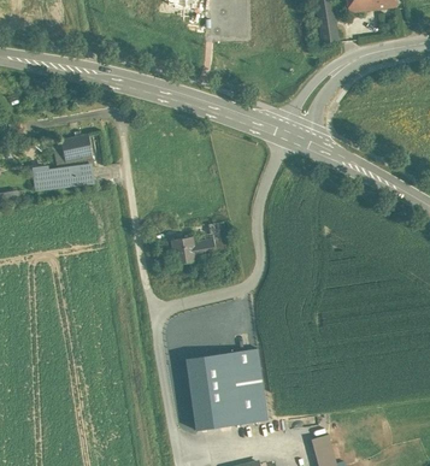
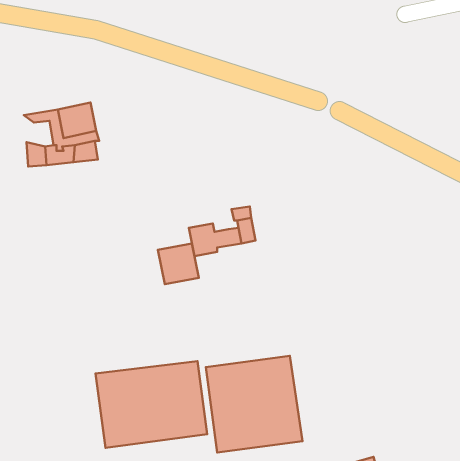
building: none -> [158,243,199,284]
building: none -> [96,361,207,448]

